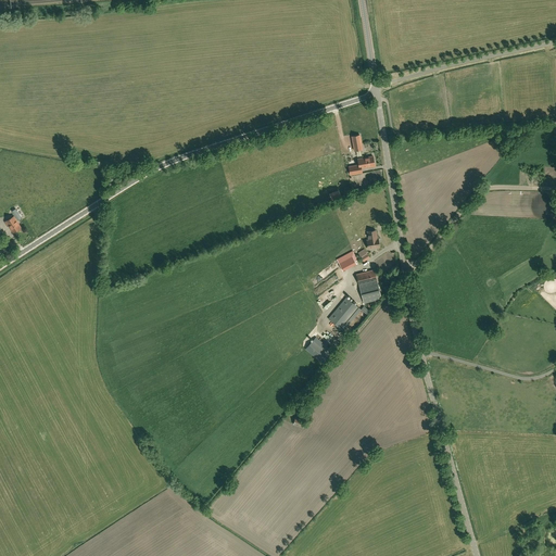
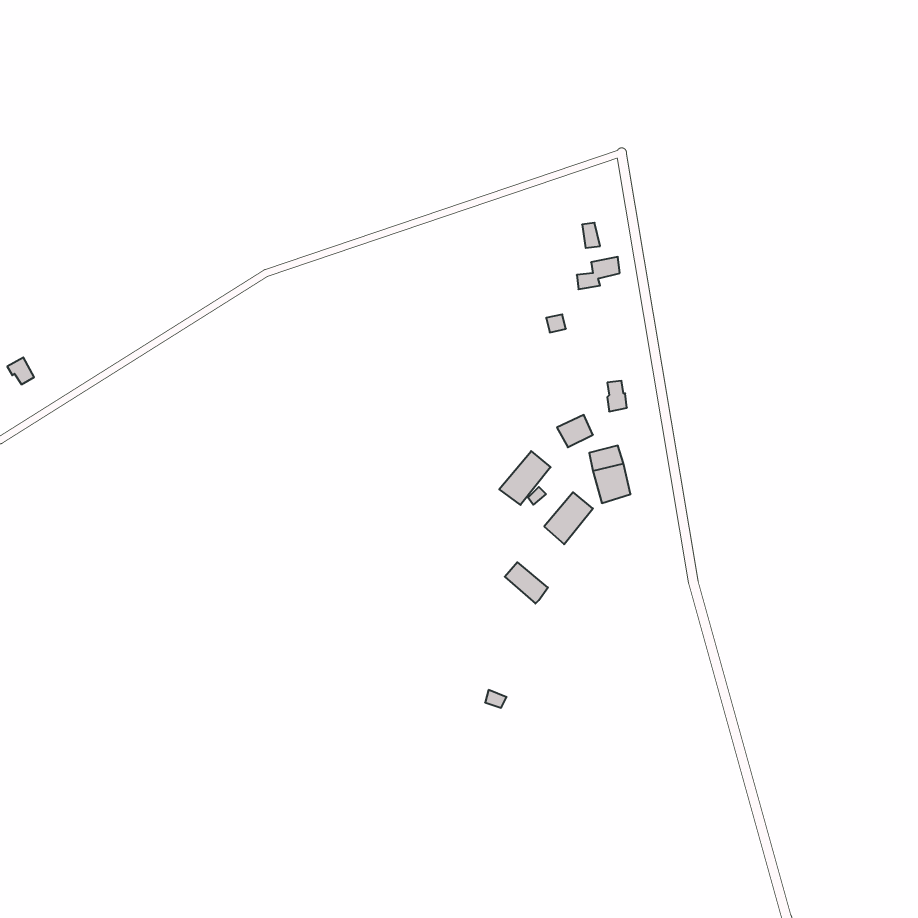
building: none -> [499,451,551,505]

